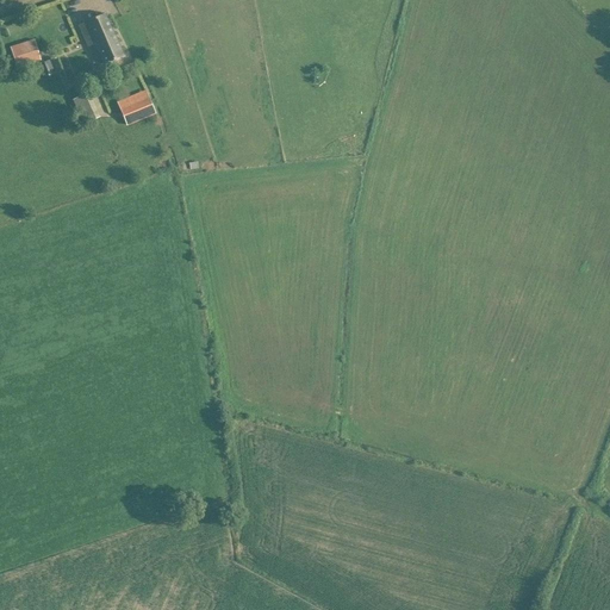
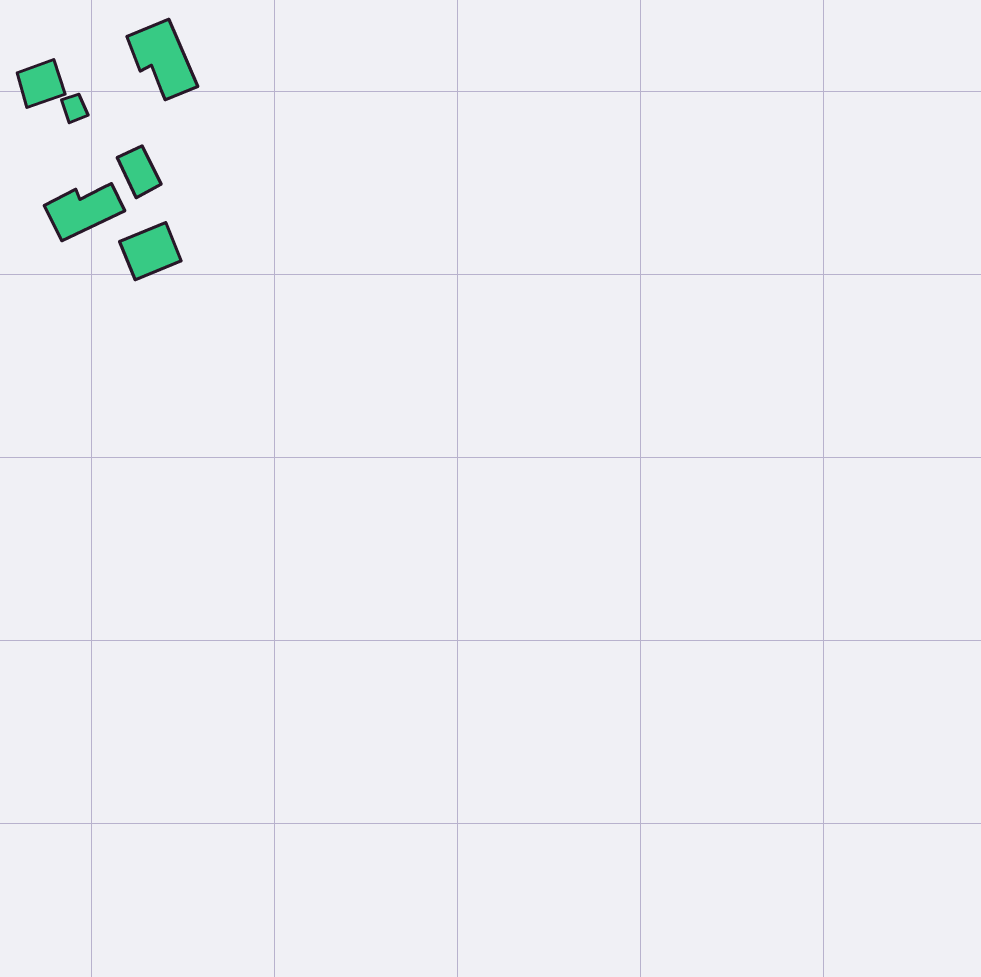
building: [117,88,155,124] -> [120,222,181,280]
building: none -> [44,183,125,241]

